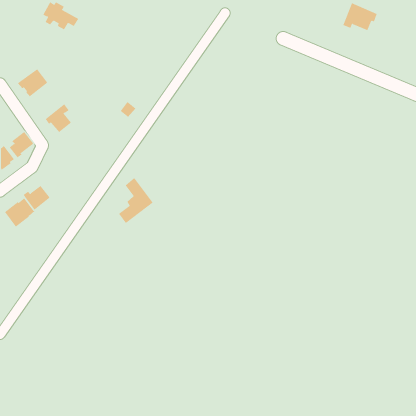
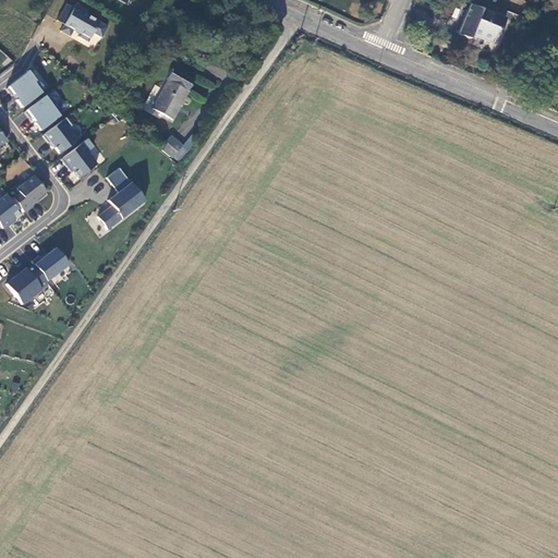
building: none -> [153,68,194,119]
building: none -> [7,71,43,107]
building: none -> [43,118,77,154]
building: [118,177,153,224] -> [98,167,145,229]

